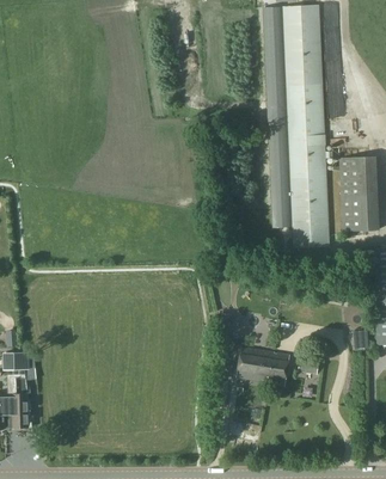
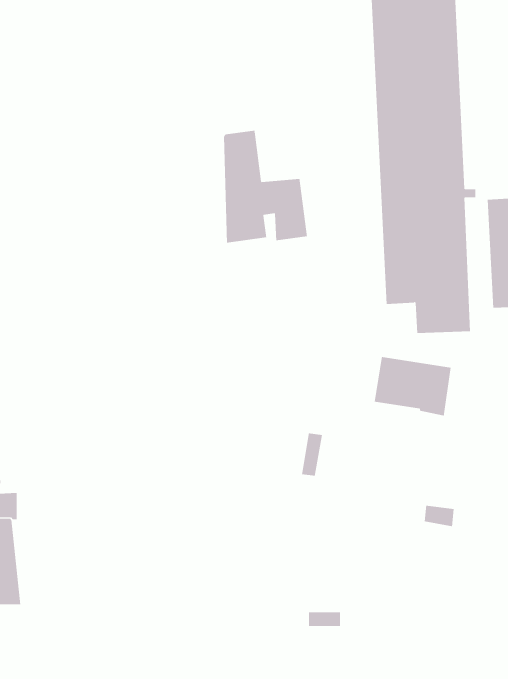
building: none -> [223,130,307,244]
building: [237,348,288,387] -> [374,357,452,416]

